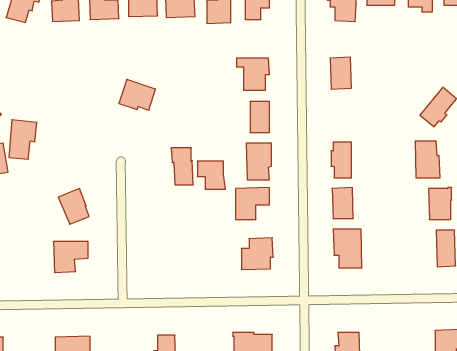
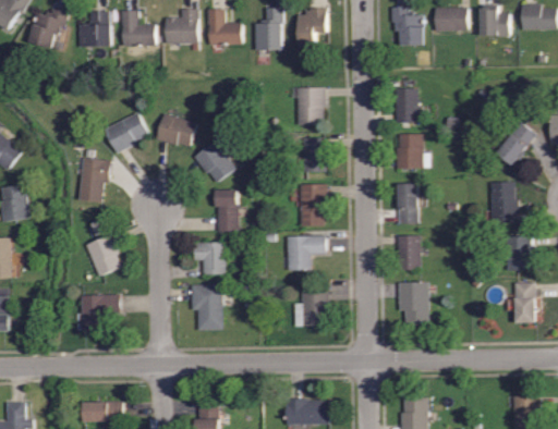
building: none -> [105,113,148,152]
building: none -> [395,134,429,169]
building: none -> [192,139,235,182]
building: [9,120,37,159] -> [80,158,111,203]
building: [197,161,225,189] -> [194,242,226,273]
building: none -> [191,284,222,330]

